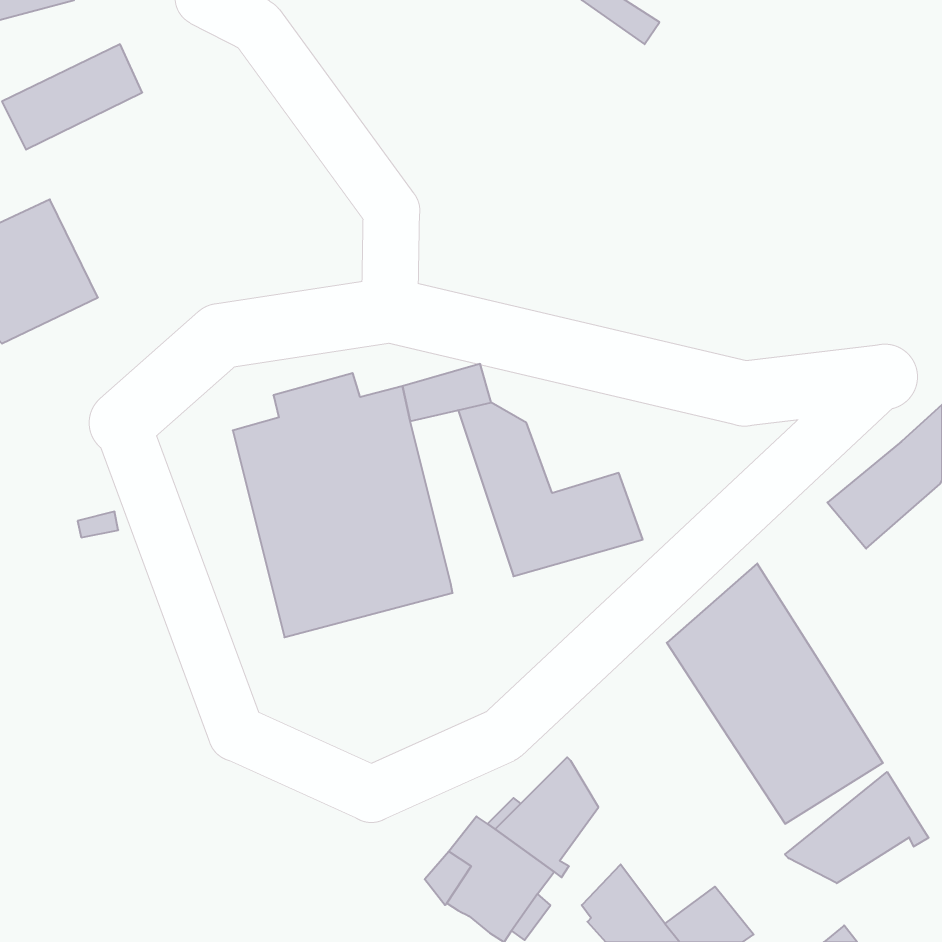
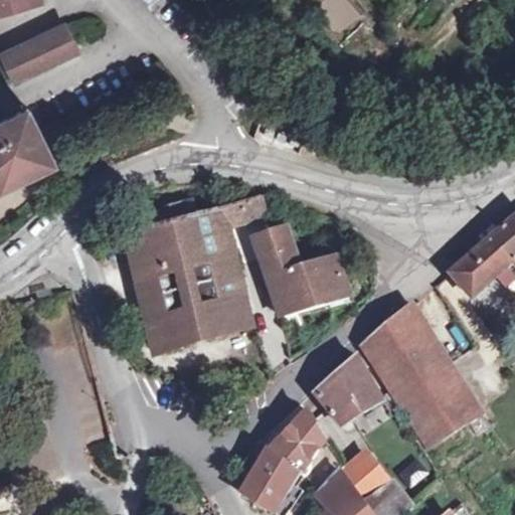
building: none -> [317,361,381,425]
building: [785,772,929,883] -> none
building: none -> [338,453,389,503]

